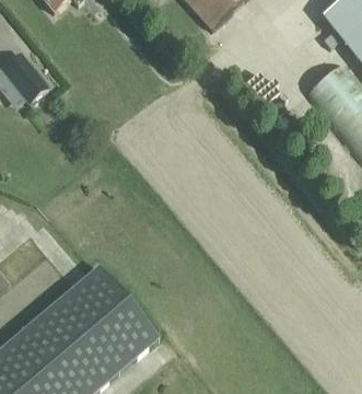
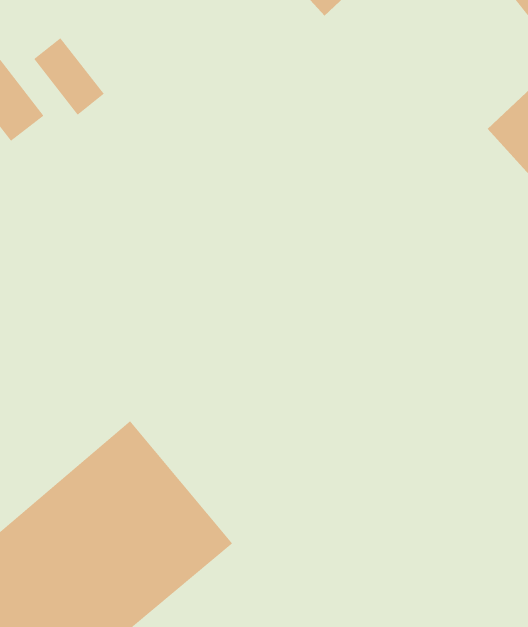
building: none -> [33,37,105,116]

